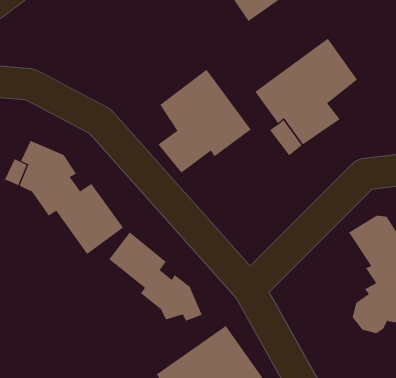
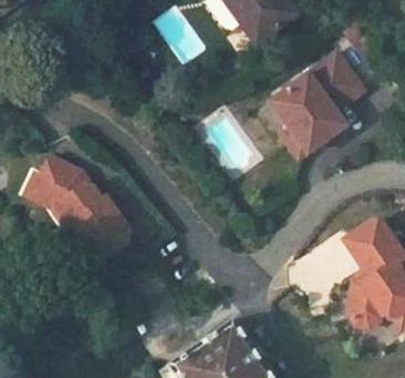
building: [157,69,251,174] -> none
building: [108,232,203,321] -> none

